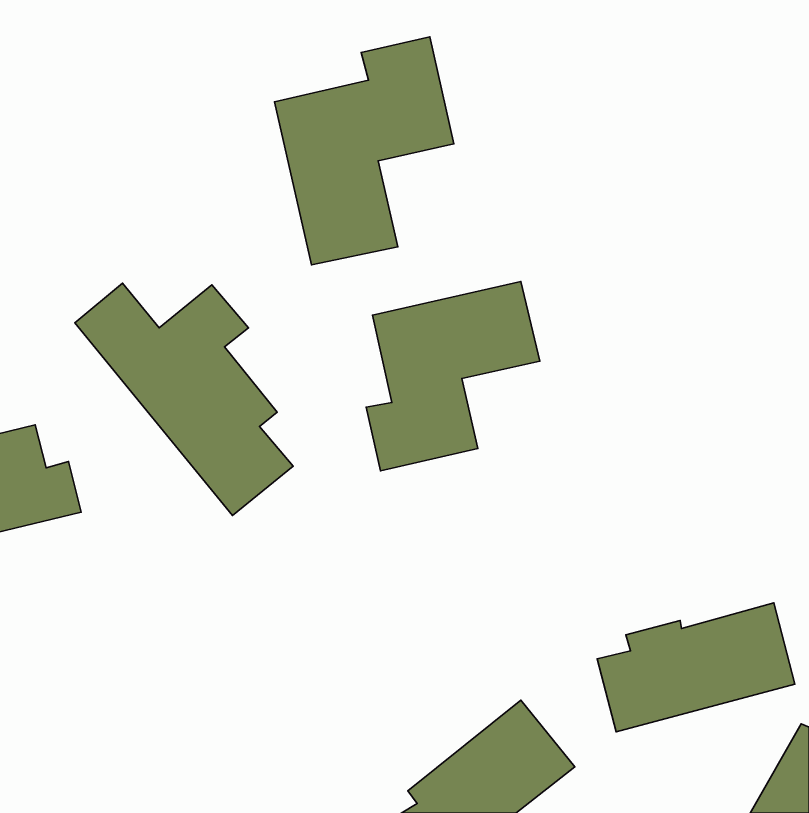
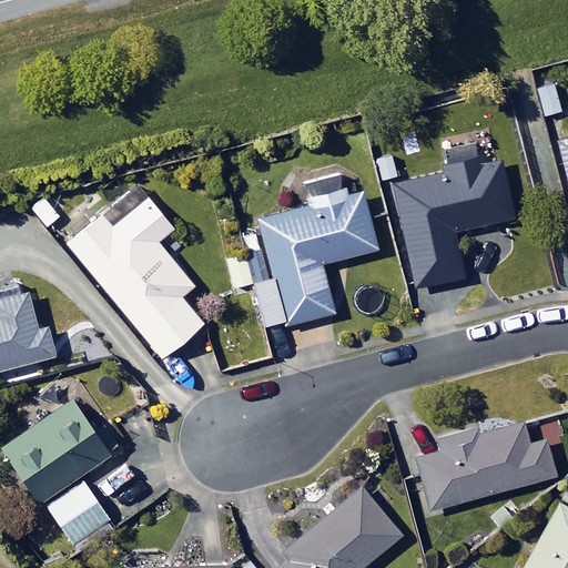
building: [275,37,454,265] -> none
building: none -> [394,154,521,288]
building: none -> [4,400,113,549]

